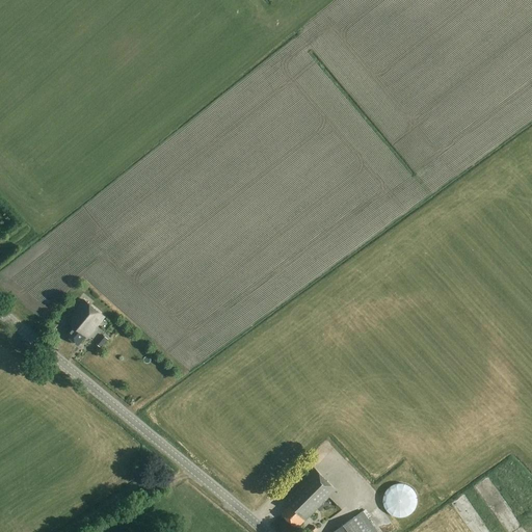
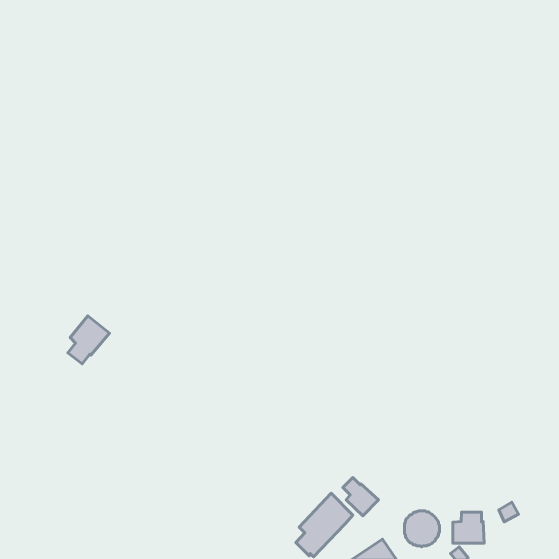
building: none -> [343,478,378,516]
building: none -> [453,512,484,543]

